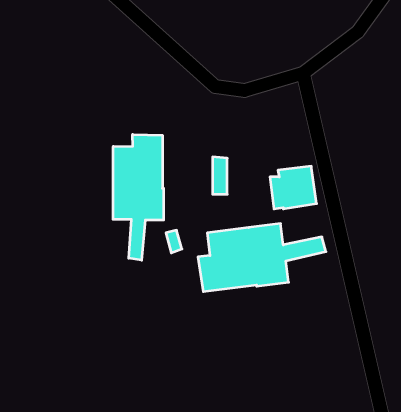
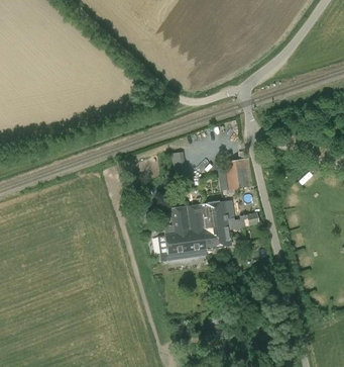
building: [113,134,164,260] -> none

